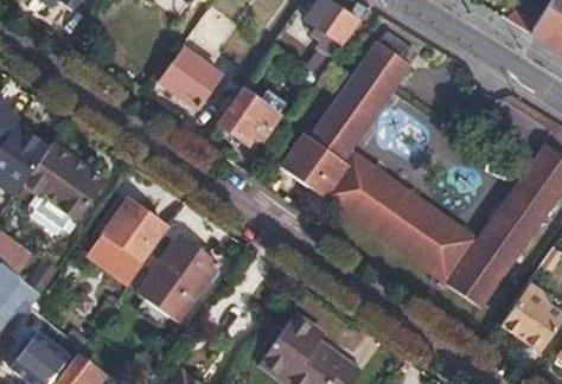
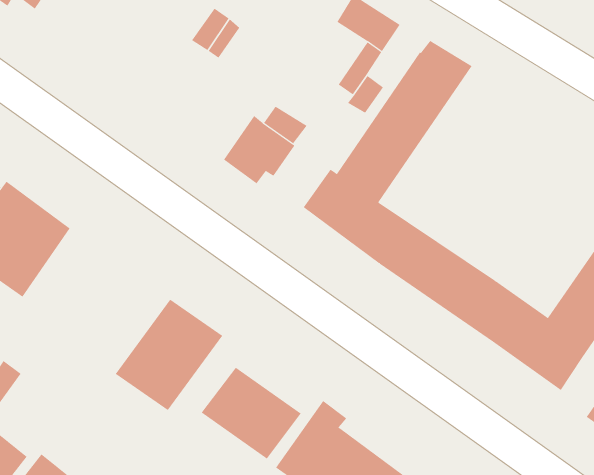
building: [159,47,219,105] -> none
building: [94,200,166,279] -> none
building: none -> [201,367,302,459]

